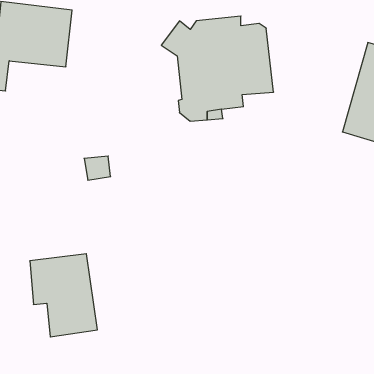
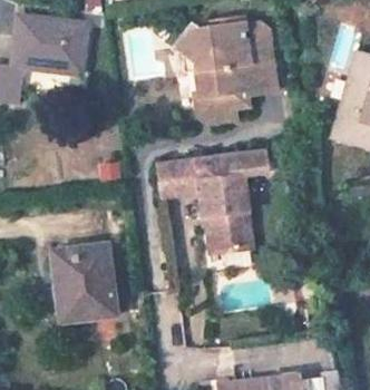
building: none -> [155,146,266,251]

